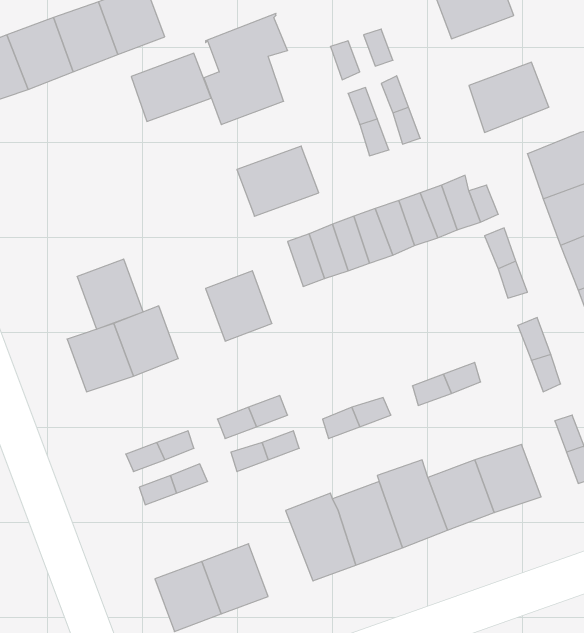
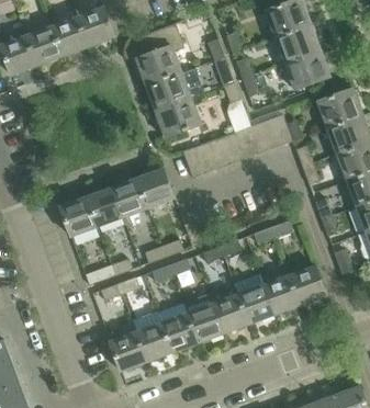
building: none -> [276,24,321,64]
building: [131,53,211,121] -> [146,72,191,111]
building: [77,259,143,329] -> [111,178,148,217]
building: none -> [157,303,198,351]

